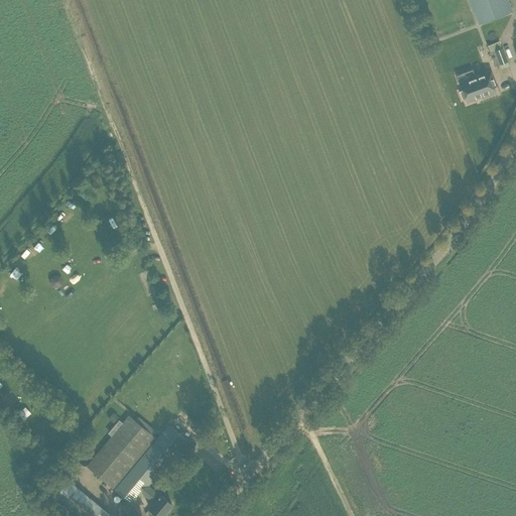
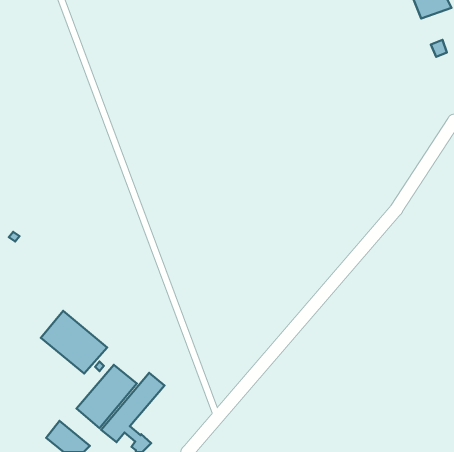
building: [460,73,489,100] -> none
building: none -> [41,311,107,374]

